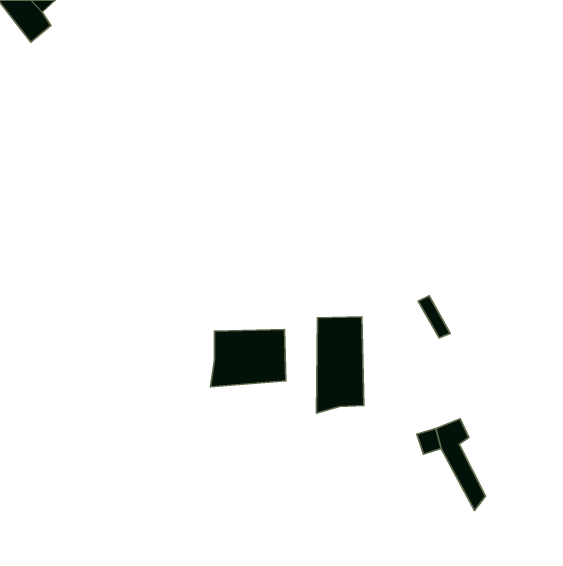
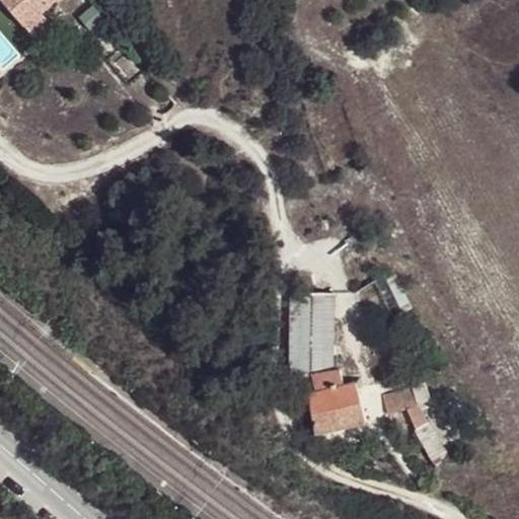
building: [211,329,286,387] -> none
building: none -> [308,371,367,430]

